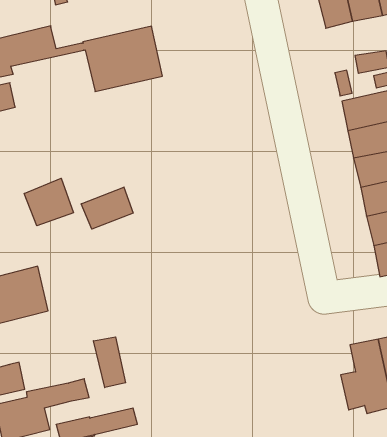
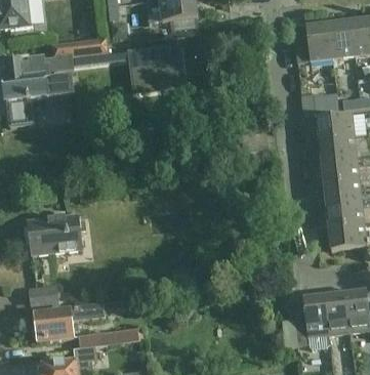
building: [24,178,74,226] -> none
building: [81,187,133,229] -> none
building: [93,337,126,388] -> none

